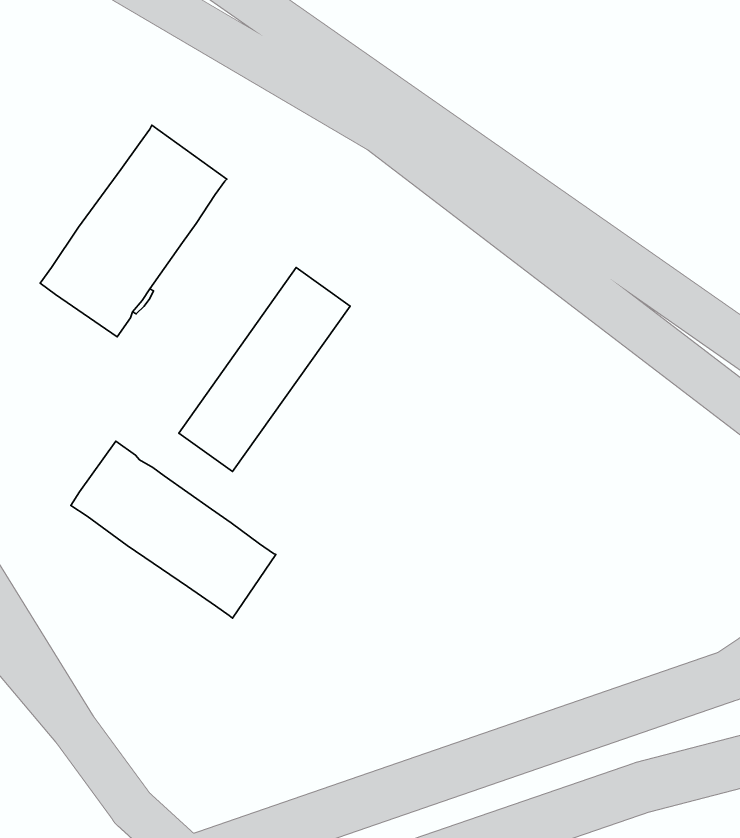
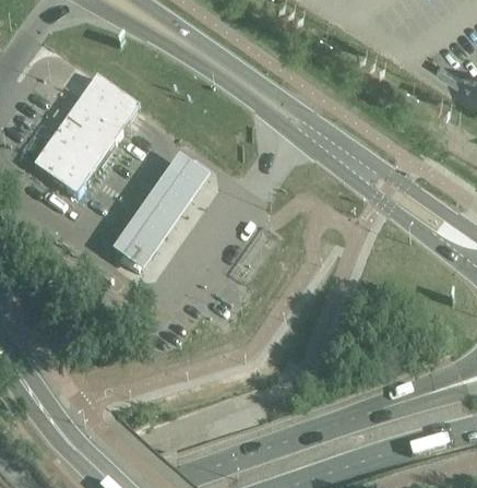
building: [71,441,276,618] -> none

